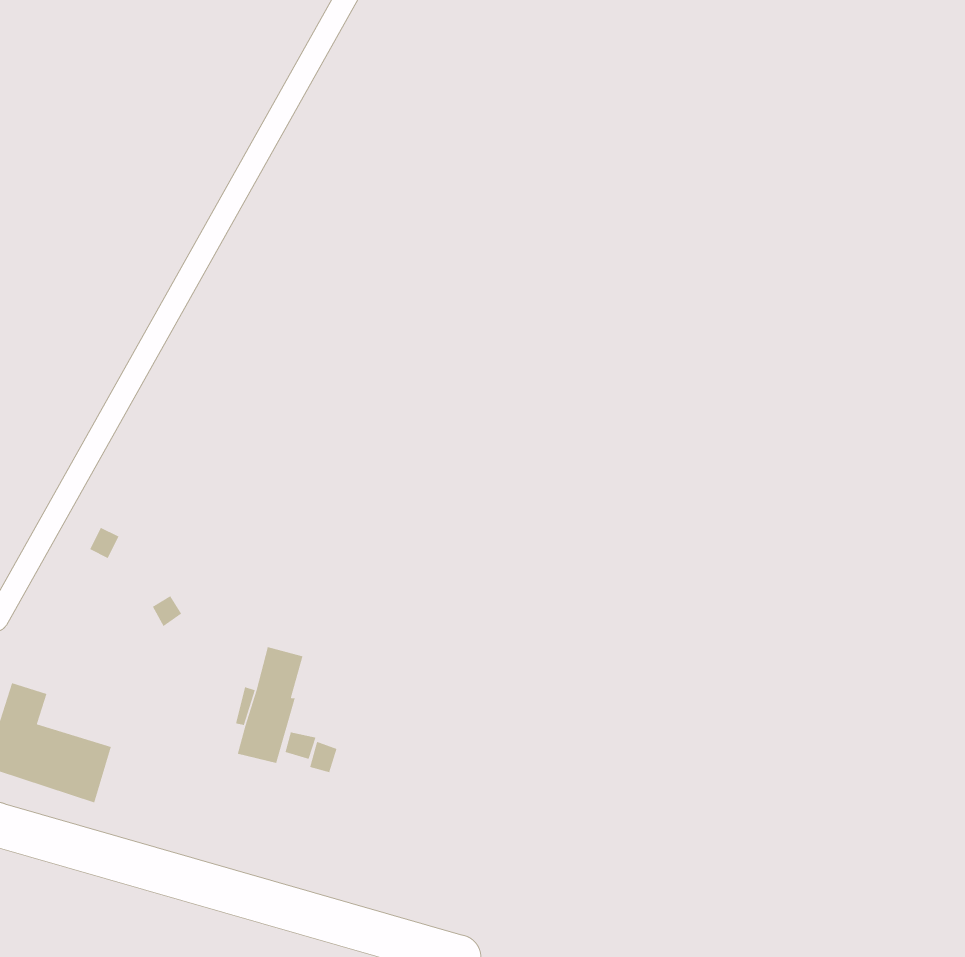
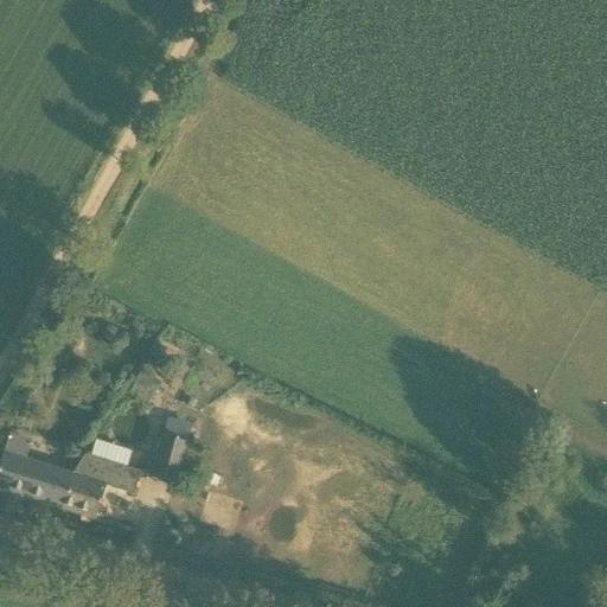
building: none -> [59,449,136,512]

